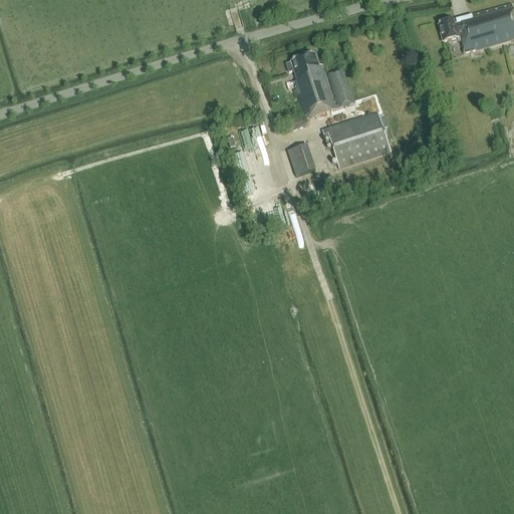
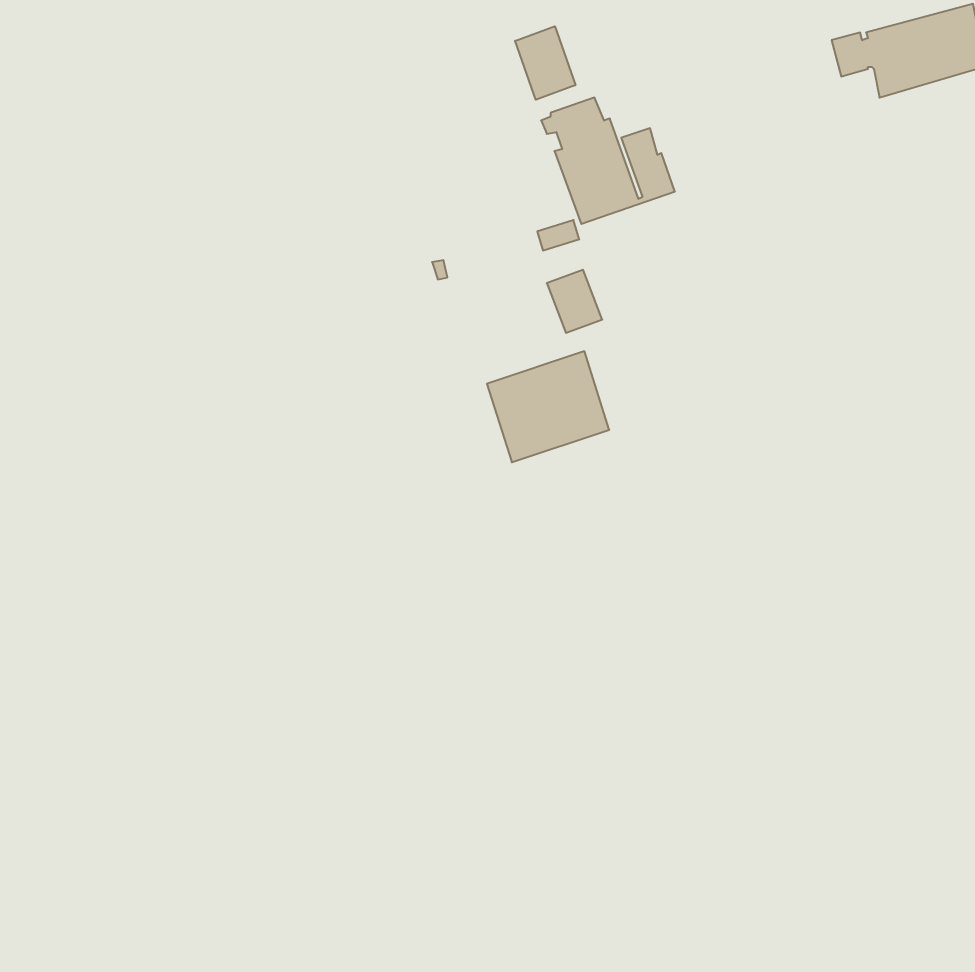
building: none -> [515,26,575,100]
building: [327,110,392,169] -> [487,351,609,462]

